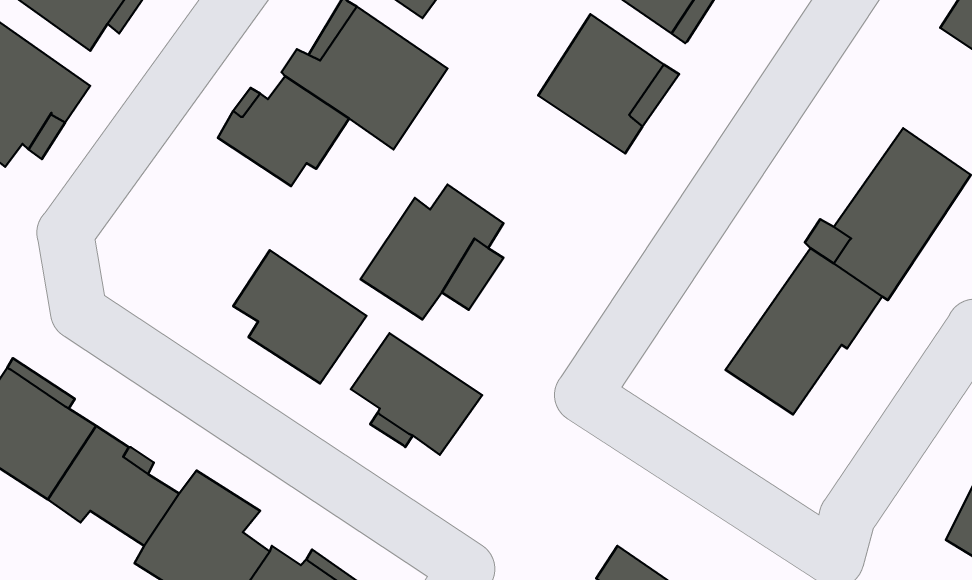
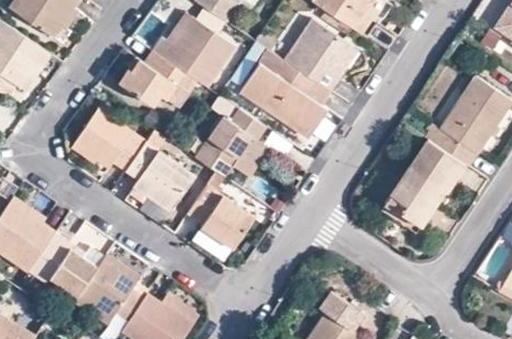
building: none -> [242,50,330,133]
building: none -> [76,111,146,171]

